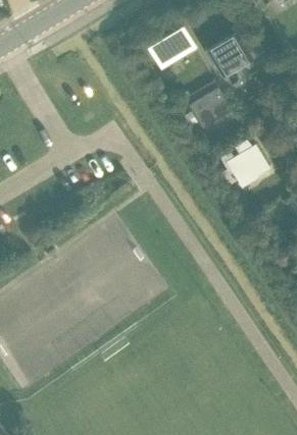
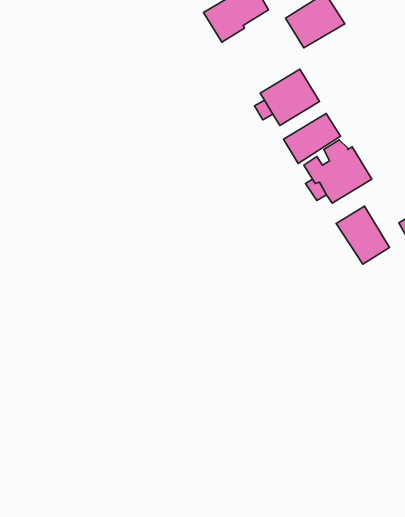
building: none -> [283,114,340,163]
building: none -> [336,206,390,264]

